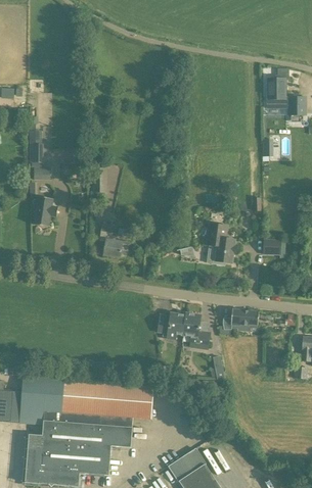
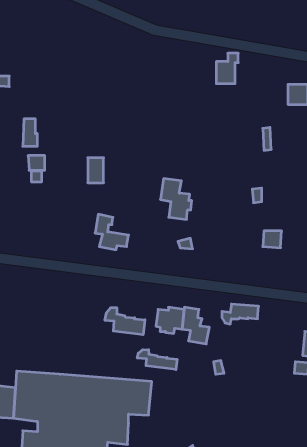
building: [266,69,287,99] -> [216,53,238,84]
building: [32,196,57,227] -> none
building: [206,224,236,263] -> [160,179,192,219]
building: none -> [105,308,145,335]
building: none -> [137,350,177,370]

